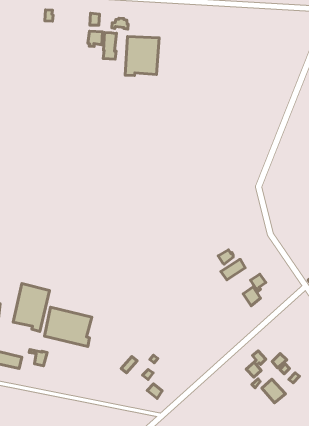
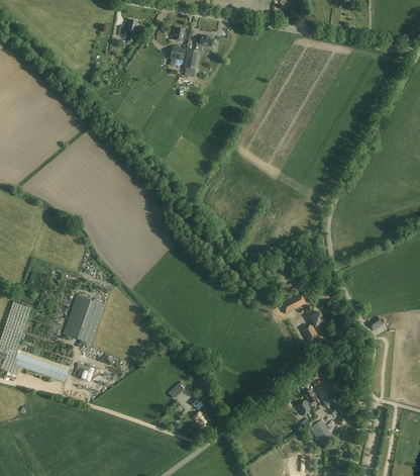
building: [125,36,159,76] -> none
building: [44,307,92,346] -> none

